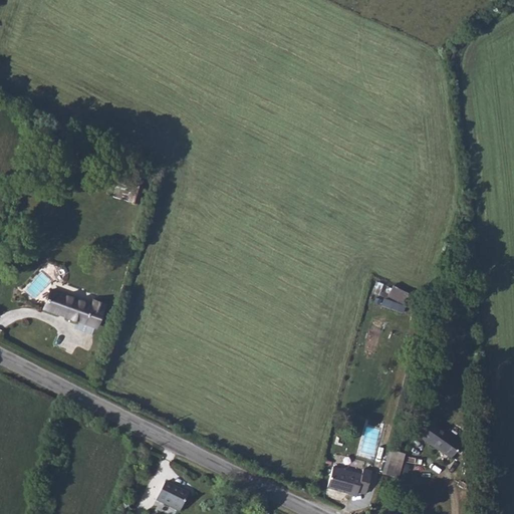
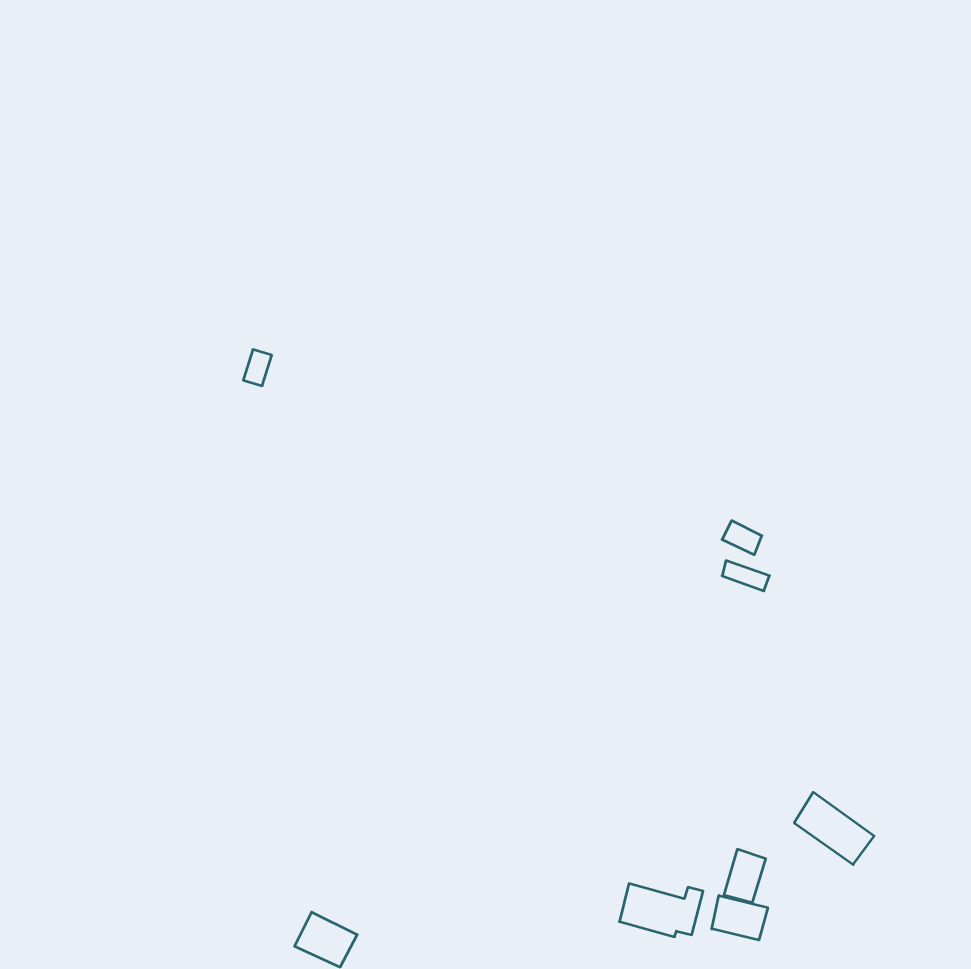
building: [45,291,104,327] -> none
building: none -> [712,895,768,940]

